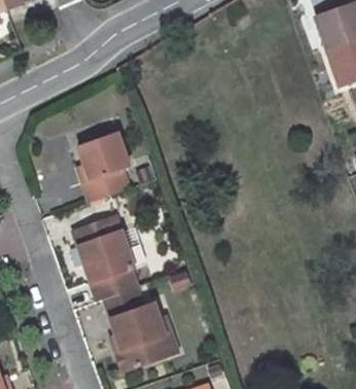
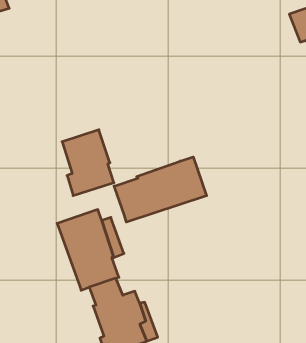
building: none -> [114,157,207,222]

